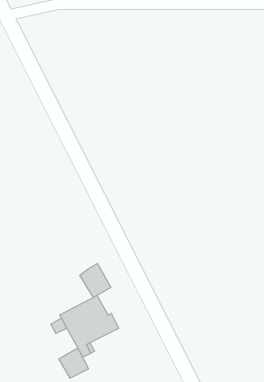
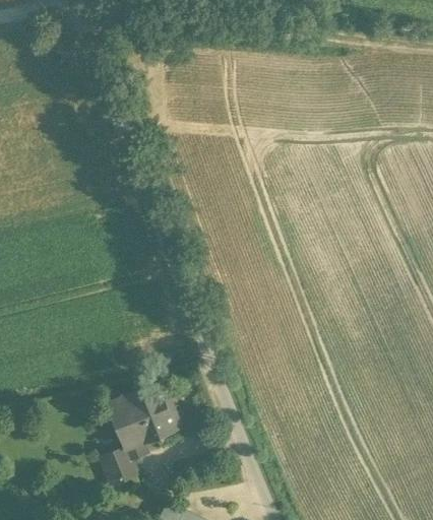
building: [80,263,111,297] -> none

